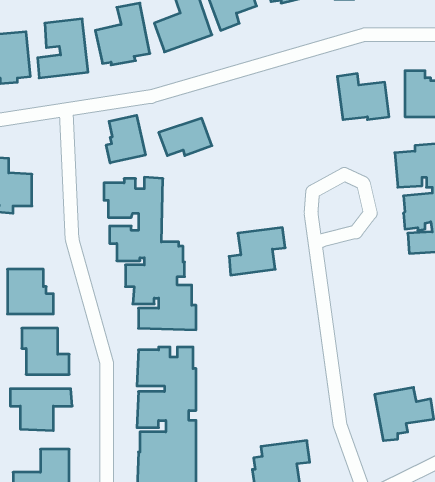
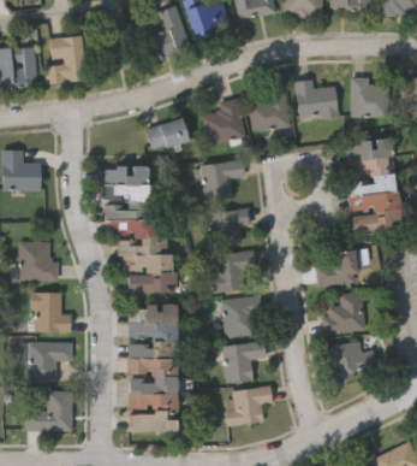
building: none -> [248,84,288,131]
building: none -> [202,98,246,144]
building: [106,115,145,163] -> none
building: none -> [195,158,245,200]
building: none -> [212,250,256,293]
building: none -> [316,250,357,285]
building: none -> [321,293,364,335]
building: none -> [220,297,261,341]
building: none -> [221,343,266,385]

